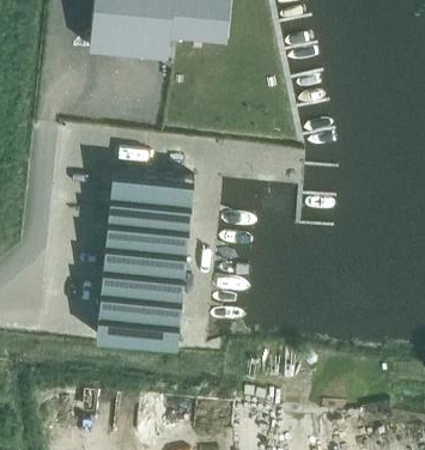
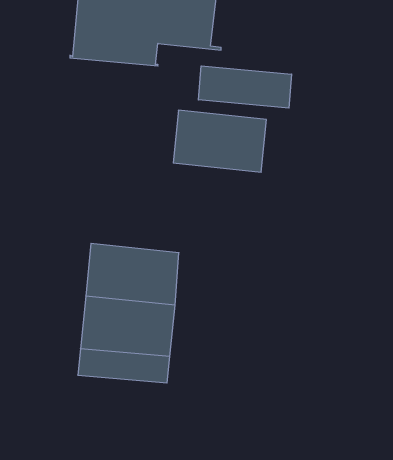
building: none -> [198,66,292,108]
building: [108,175,193,231] -> [173,110,266,172]

